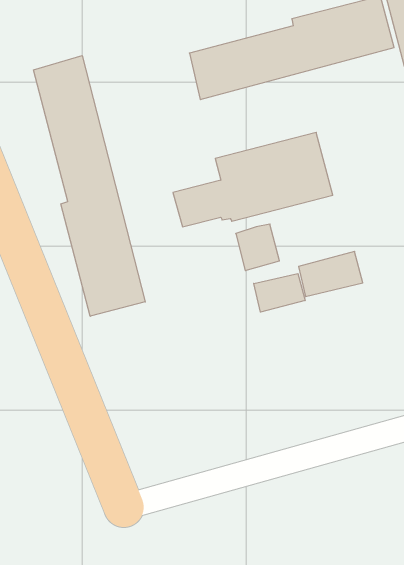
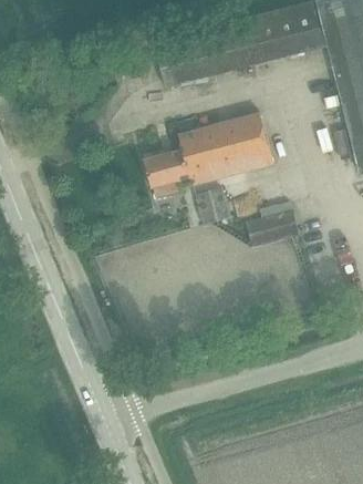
building: [34,56,145,316] -> none
building: [254,274,305,312] -> none

